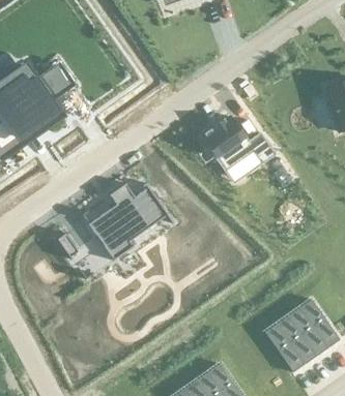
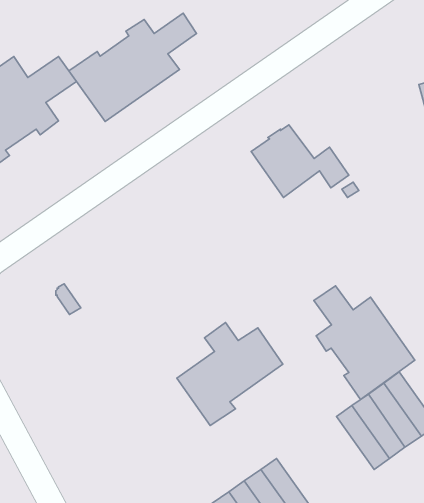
building: none -> [69,13,197,121]
building: [86,182,165,258] -> [177,322,283,426]
building: none -> [314,286,415,400]

